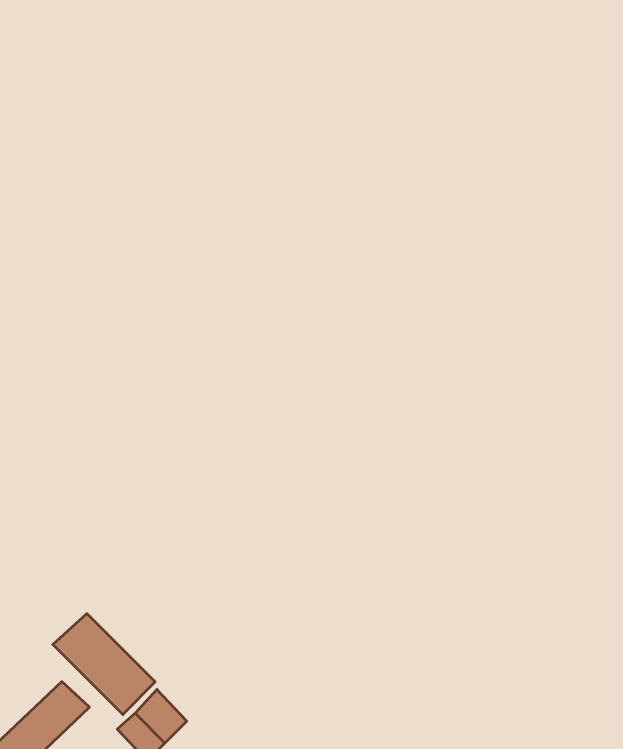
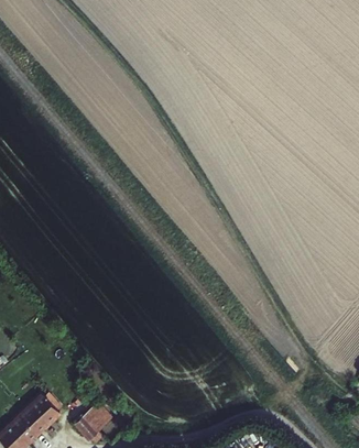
building: [53,614,155,715] -> none

